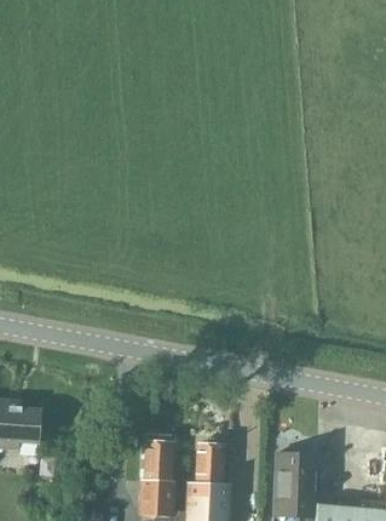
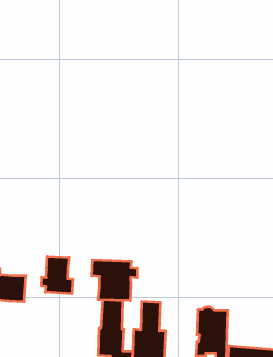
building: none -> [42,256,73,294]
building: none -> [92,260,137,301]

